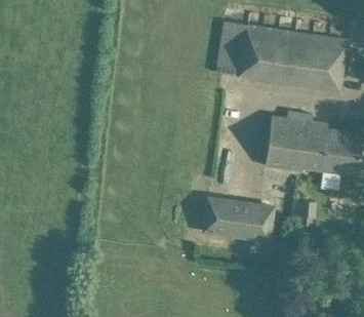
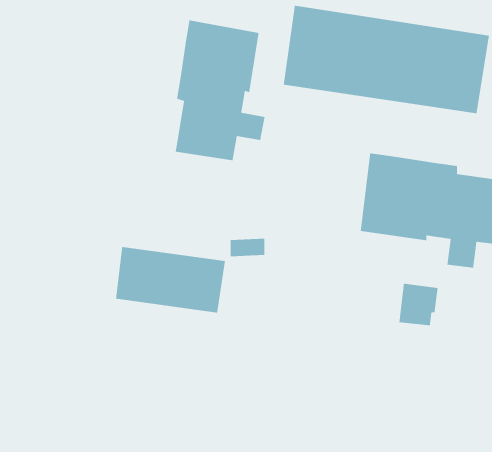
building: none -> [175,19,265,161]
building: [205,197,276,240] -> [115,246,226,314]

